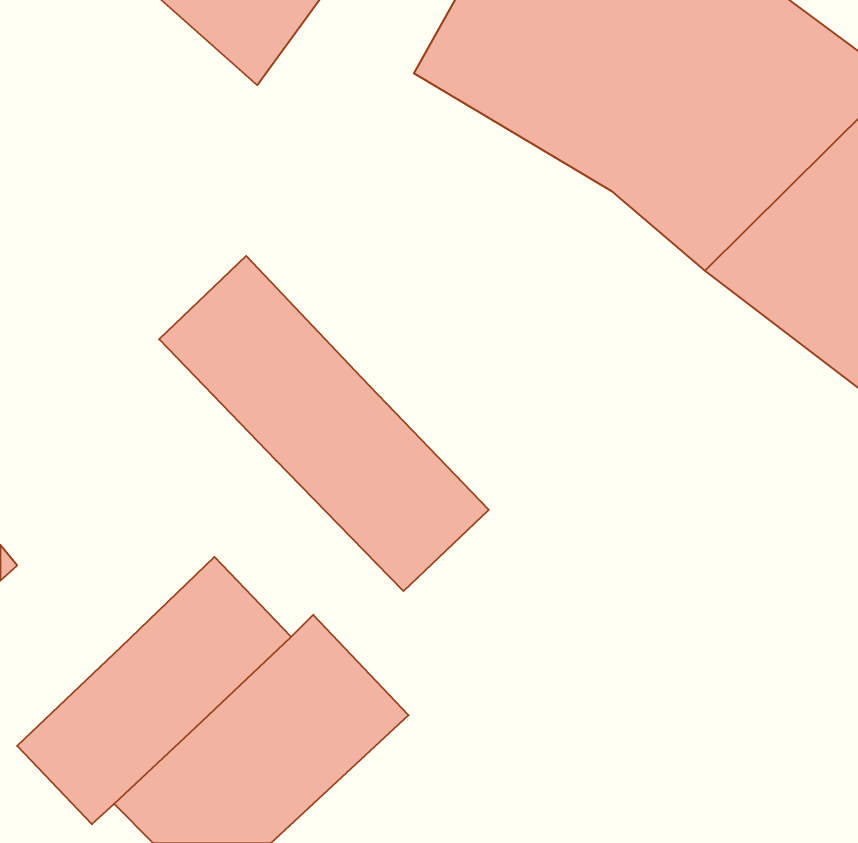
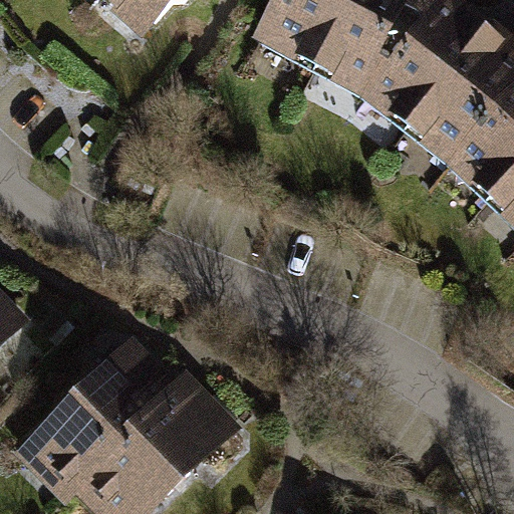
building: [159,256,489,591] -> none

